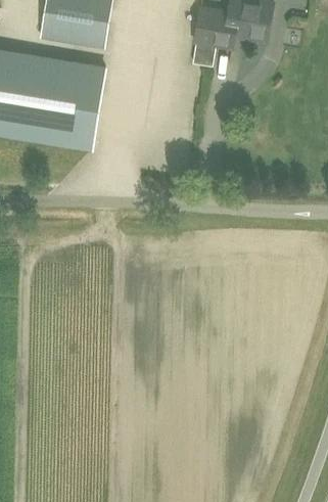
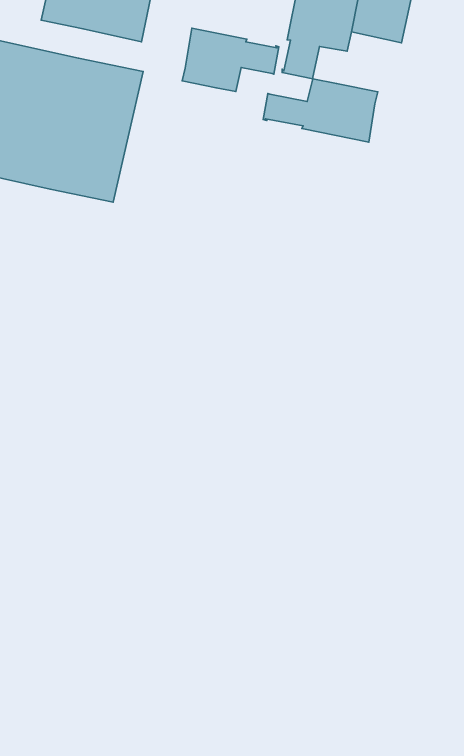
building: none -> [182,28,279,92]
building: none -> [263,79,378,142]

